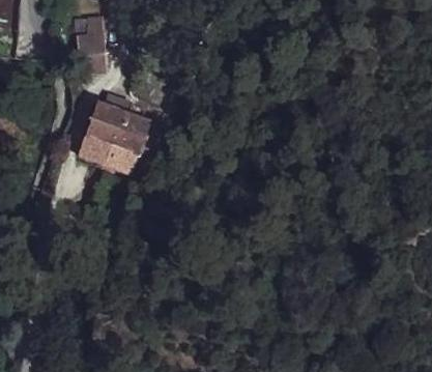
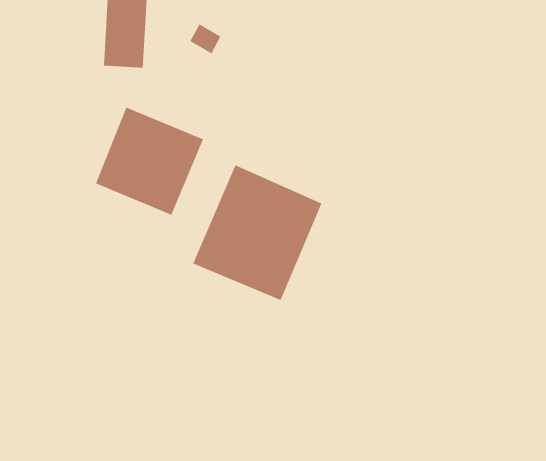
building: none -> [193,165,322,301]

